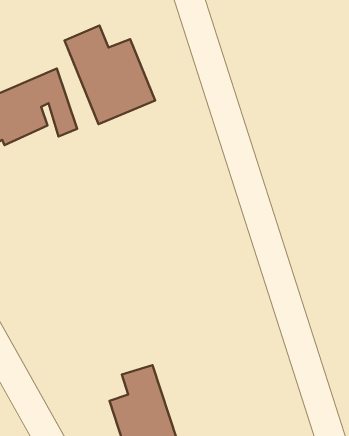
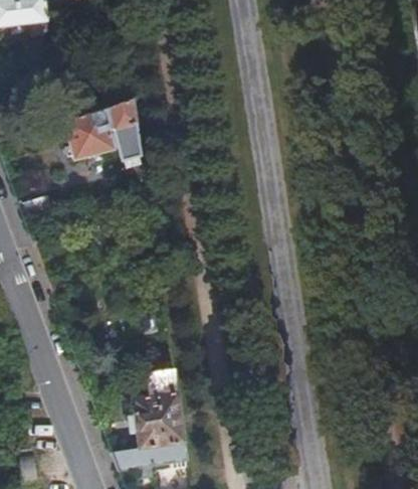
building: [65,25,155,124] -> none

